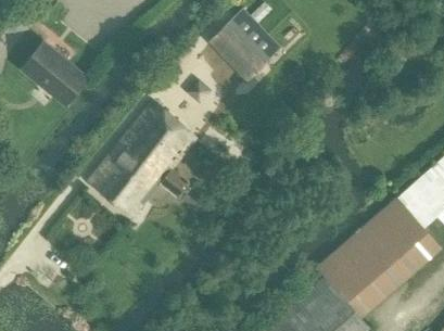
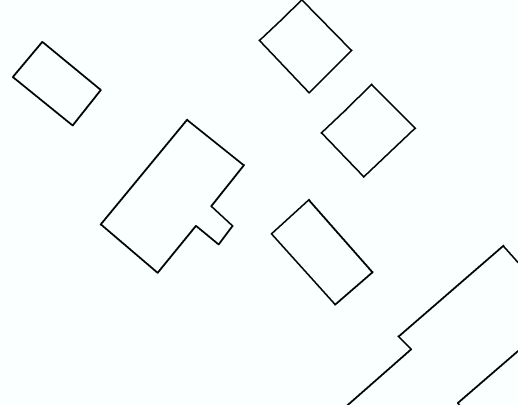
building: none -> [321,84,415,177]
building: none -> [272,200,373,305]

